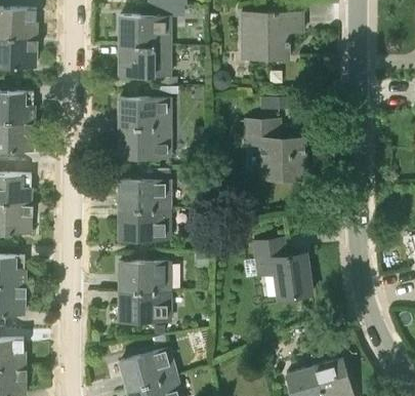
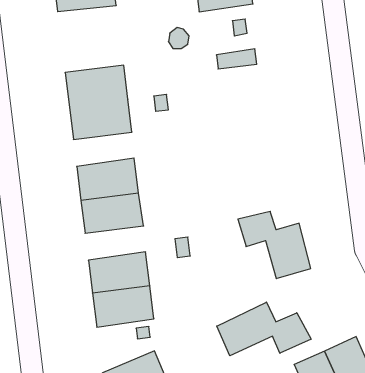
building: [119,45,171,75] -> none
building: [247,121,304,177] -> none
building: none -> [217,302,311,356]

